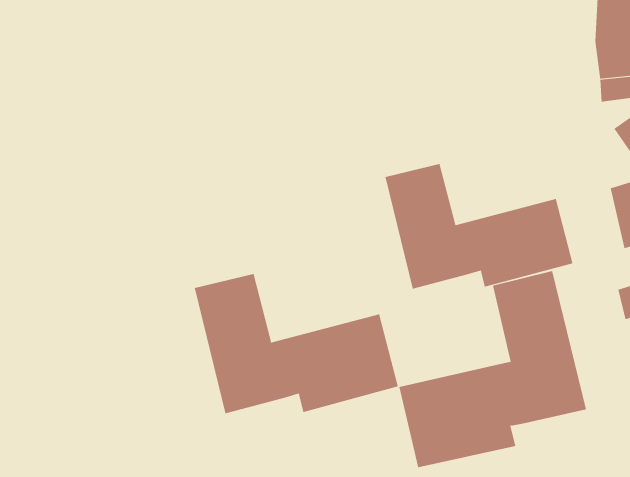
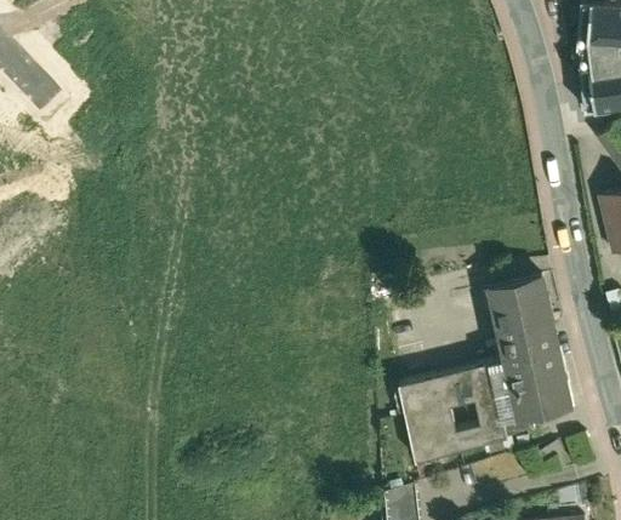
building: [385,163,573,290] -> none
building: [194,273,398,414] -> none

